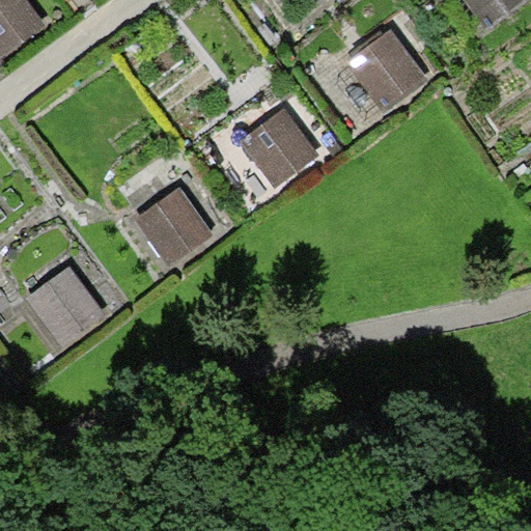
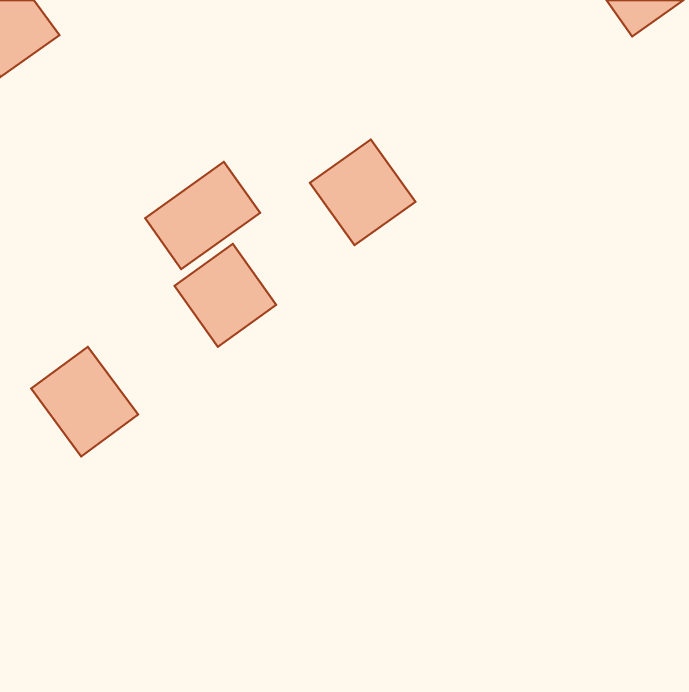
building: [345,29,425,111] -> none
building: none -> [145,162,260,269]

